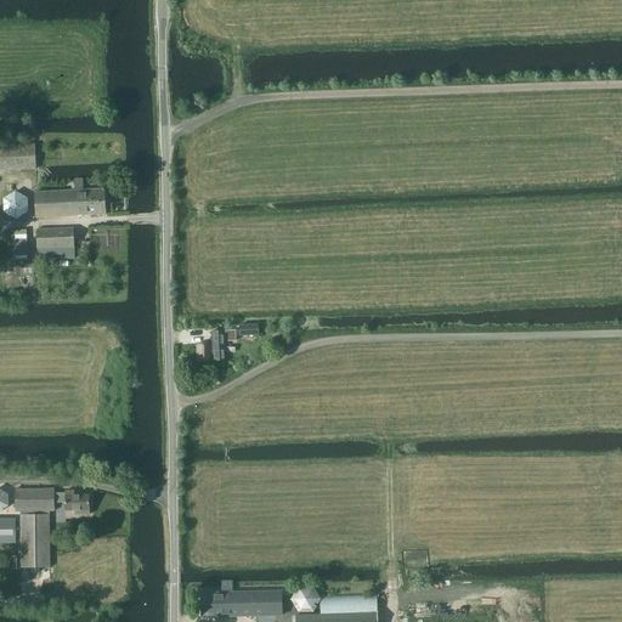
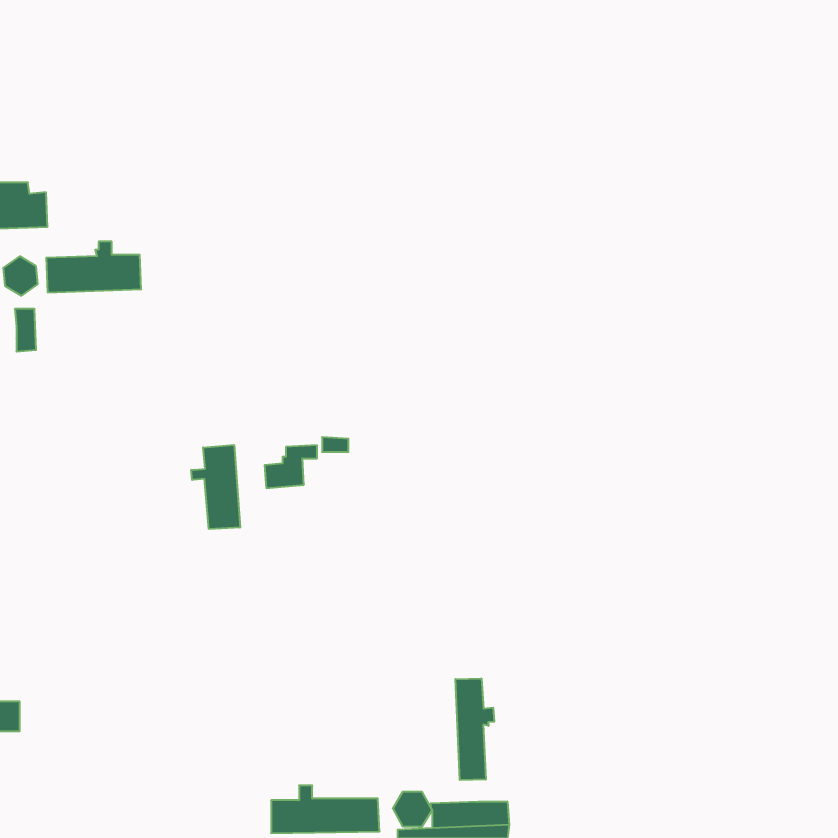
building: [35,227,73,259] -> none
building: none -> [191,445,240,529]
building: [15,487,89,566] -> none
building: none -> [455,678,494,780]

